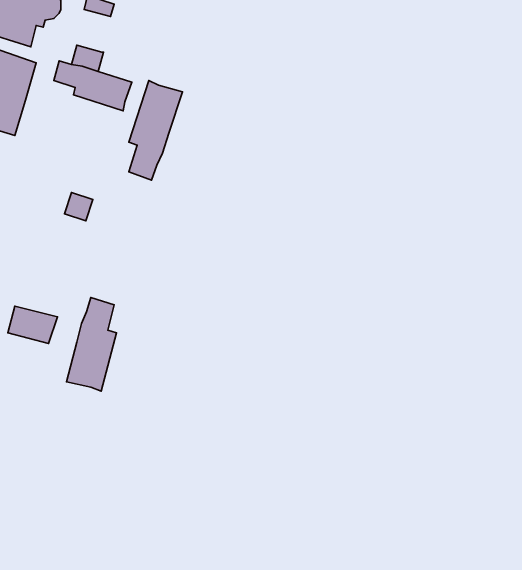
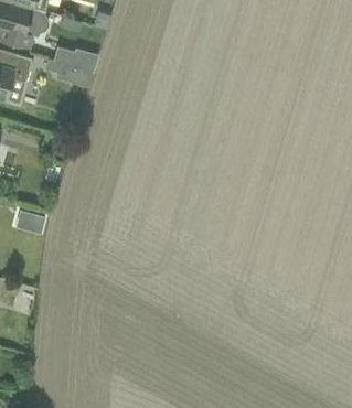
building: [129,81,182,180] -> none
building: [66,298,116,391] -> none

